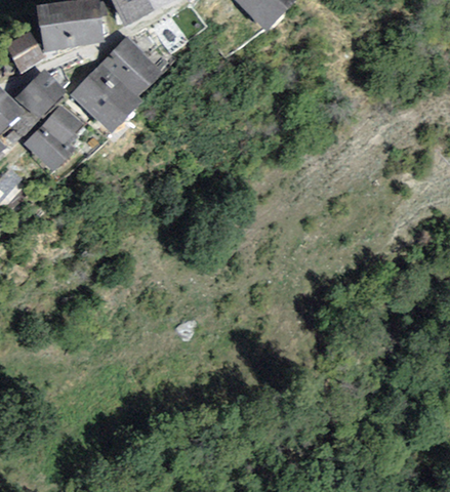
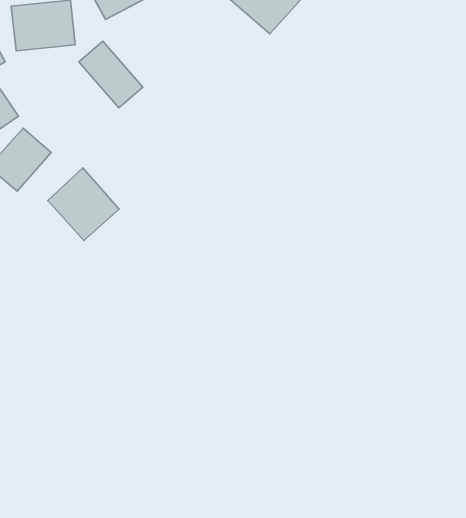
building: [74,66,134,127] -> [48,168,119,241]

